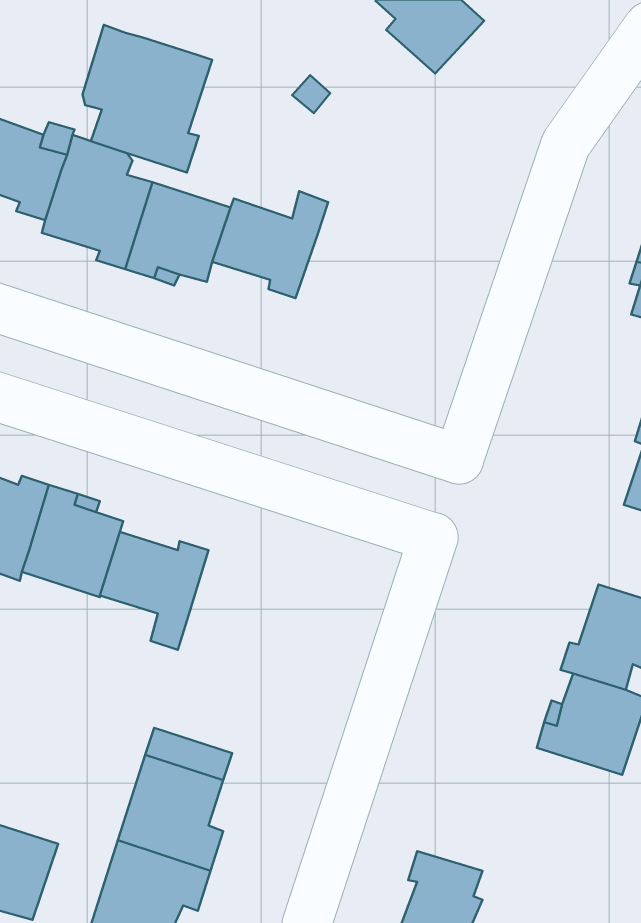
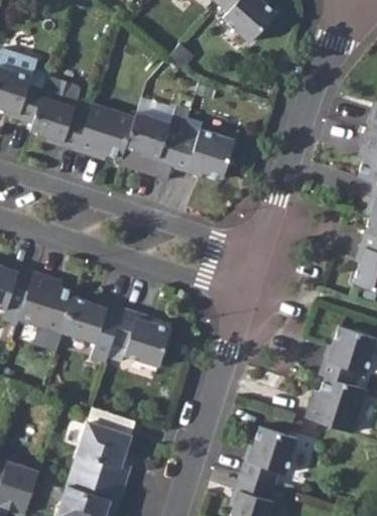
building: [83,25,212,172] -> none
building: none -> [171,129,235,178]
building: none -> [112,307,171,367]
building: none -> [239,426,298,486]

